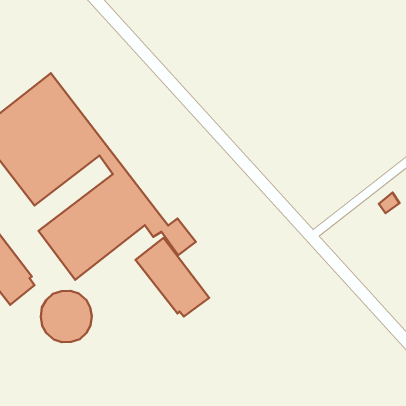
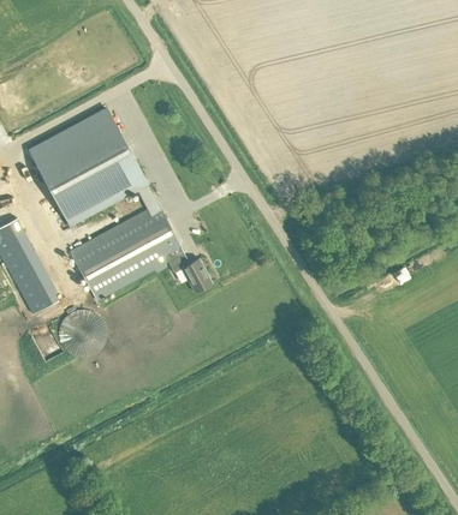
building: [136,238,209,317] -> none

